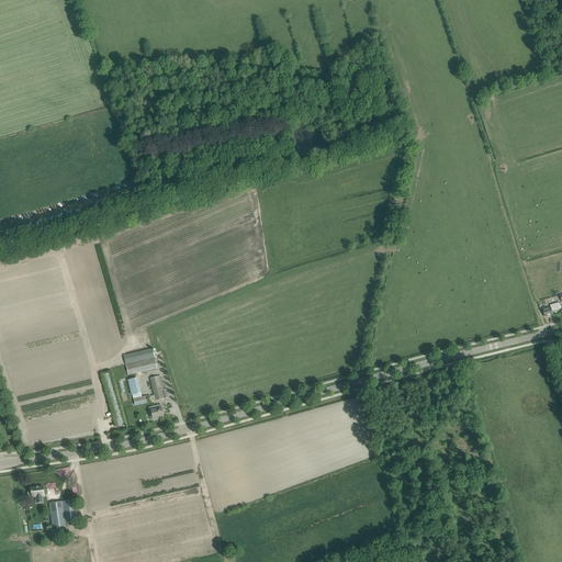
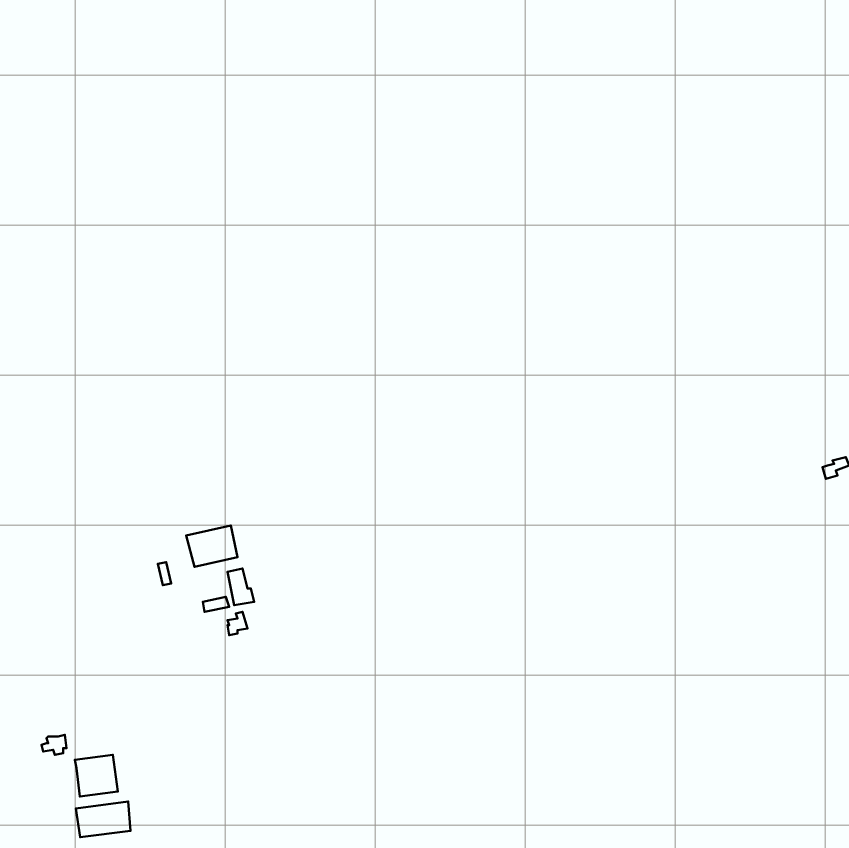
building: none -> [76,802,131,837]

